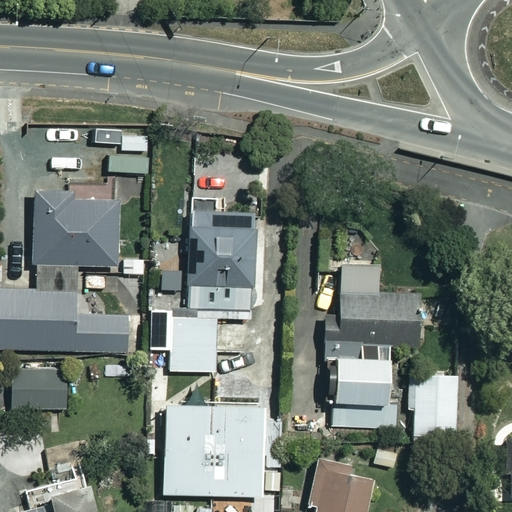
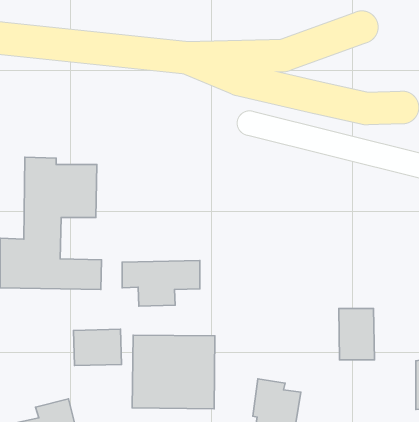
building: [188,209,253,308] -> none
building: [324,265,415,428] -> none
building: [12,365,70,409] -> [74,329,121,365]

